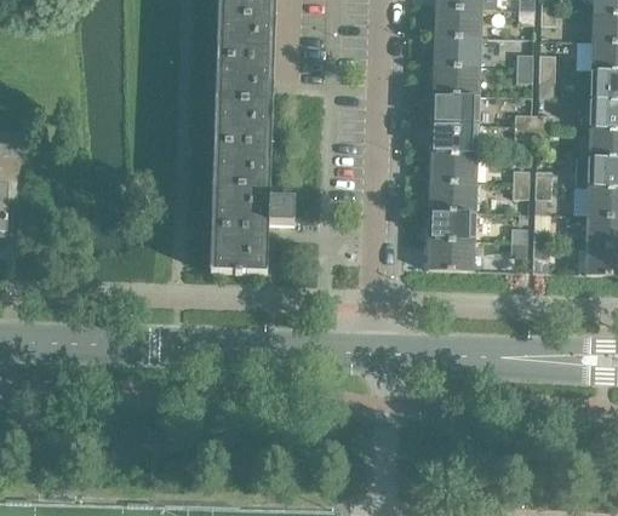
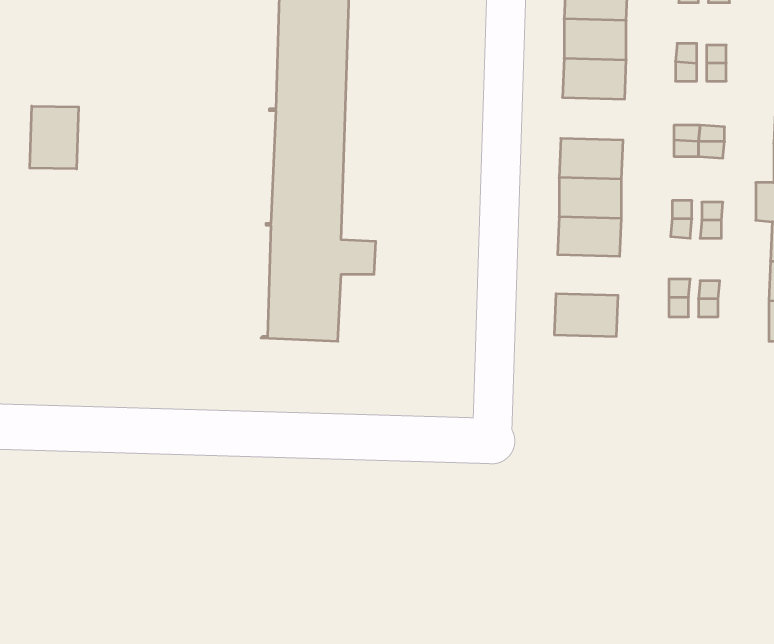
building: [431,92,479,124] -> none
building: none -> [30,106,79,169]
building: [428,208,475,239] -> none

